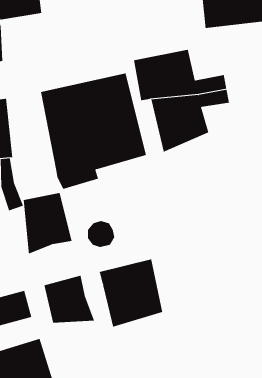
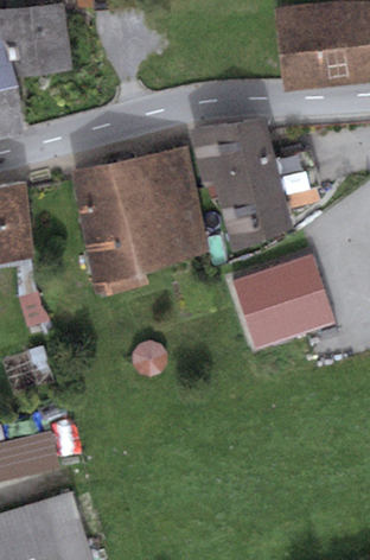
building: none -> [234,252,332,344]
building: [23,192,72,254] -> none
building: [99,258,163,328] -> none
building: [44,275,95,323] -> none

